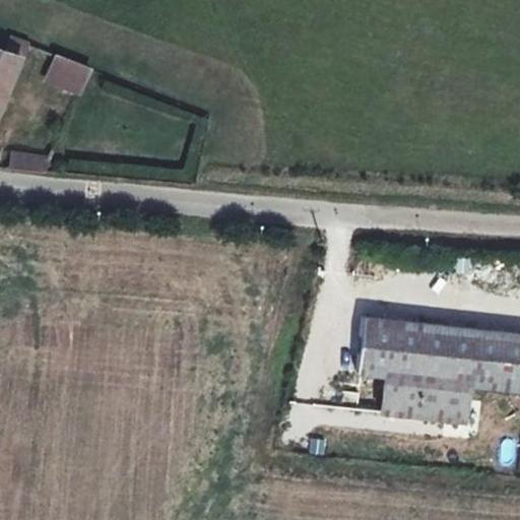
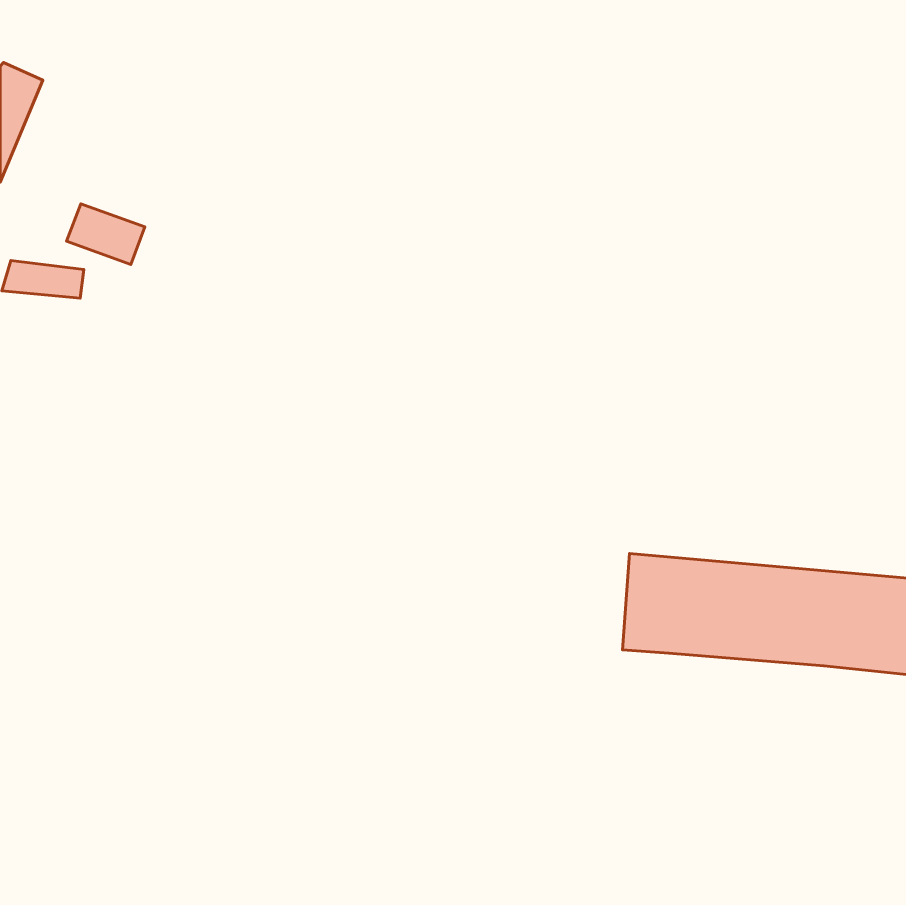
building: [45,61,89,95] -> [66,204,145,264]
building: [381,376,472,425] -> none

